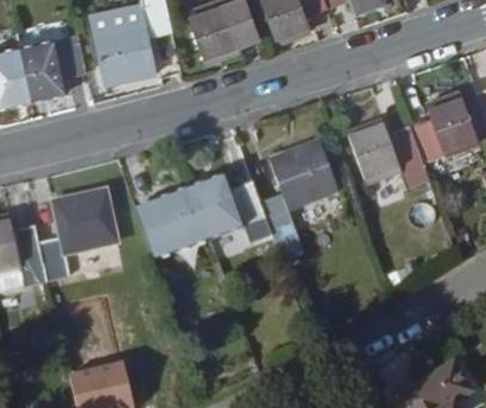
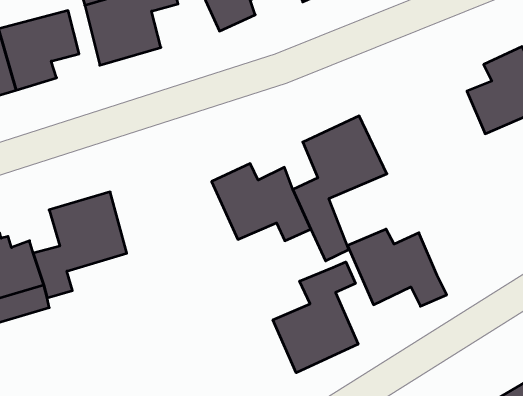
building: [349,119,430,185] -> [347,229,447,306]
building: [137,186,210,257] -> none
building: none -> [273,262,358,373]

